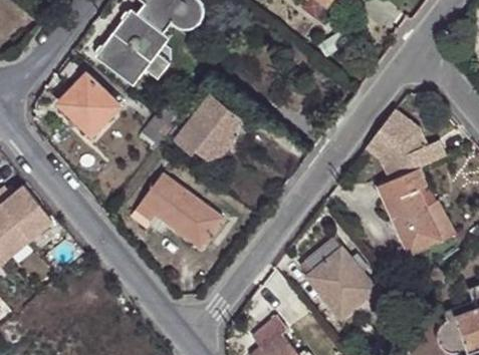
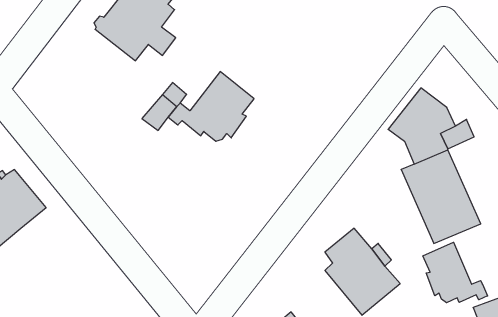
building: [59,75,118,135] -> none
building: [130,174,222,248] -> none
building: none -> [423,242,488,303]

